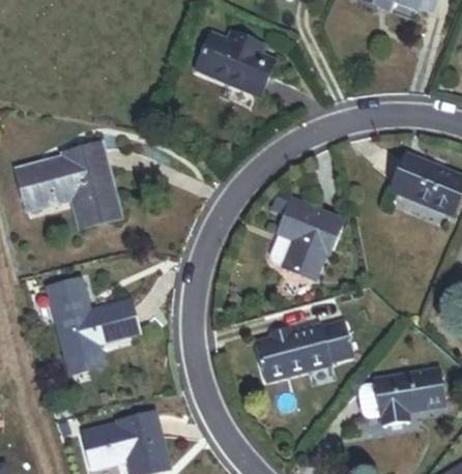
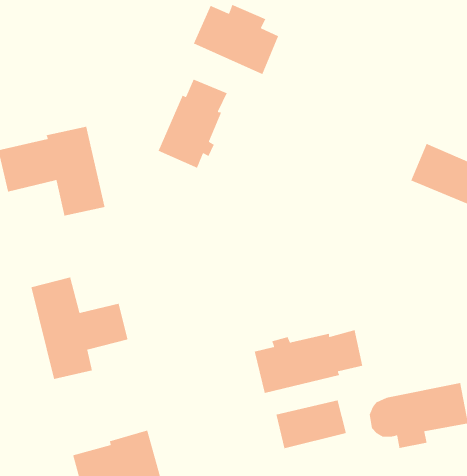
building: none -> [157,78,228,169]
building: [267,207,336,280] -> none
building: none -> [275,399,347,449]

